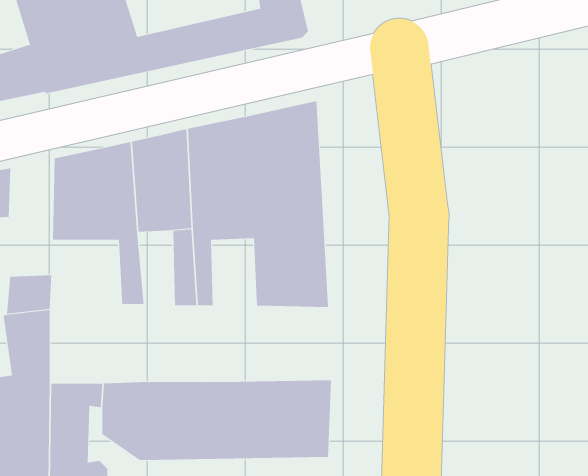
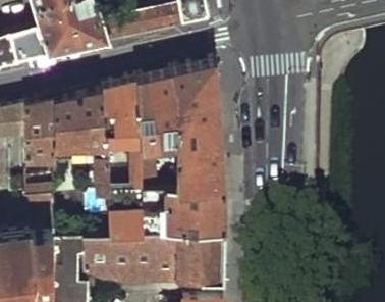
building: none -> [24,99,52,163]
building: none -> [108,190,143,238]
building: none -> [166,191,225,238]

